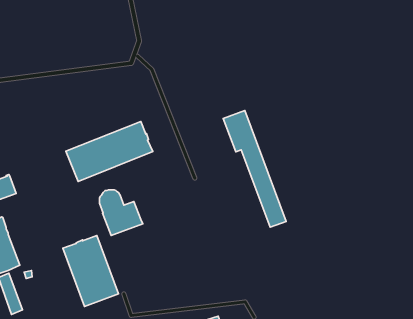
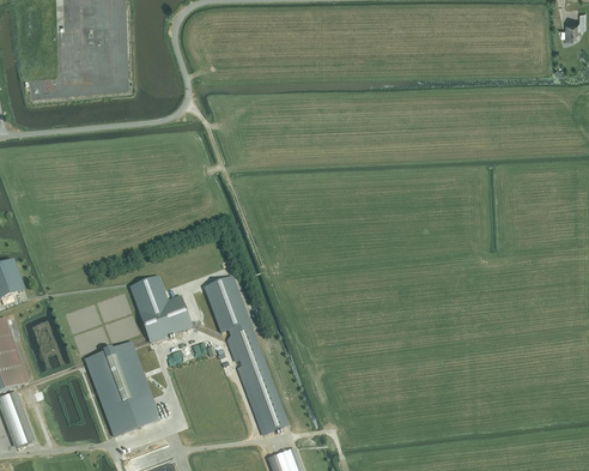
building: [223,110,286,227] -> [204,277,287,433]
building: [66,121,153,181] -> none

